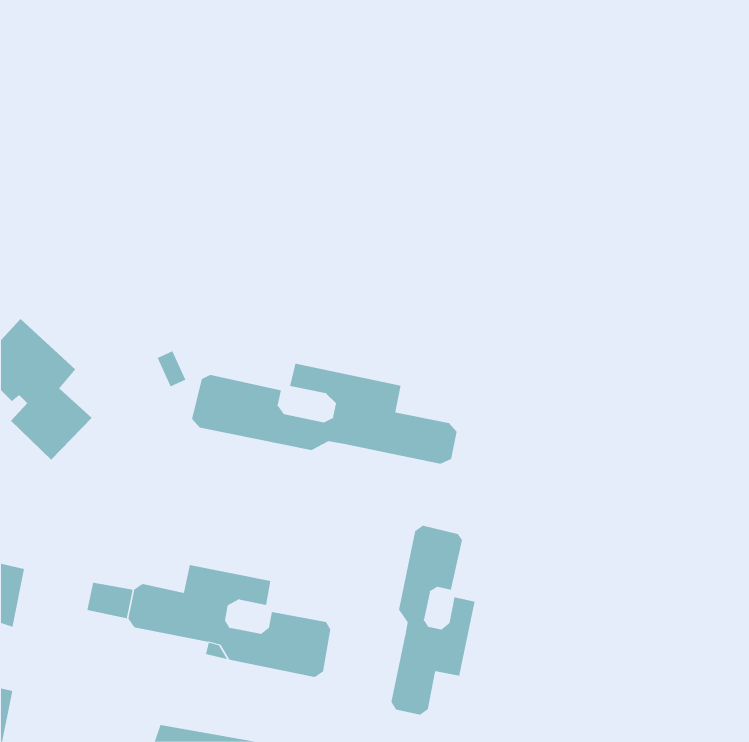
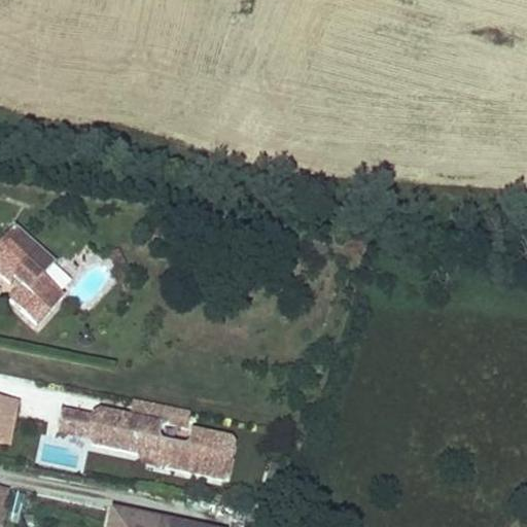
building: [192,363,457,465] -> none
building: [391,525,475,715] -> none

